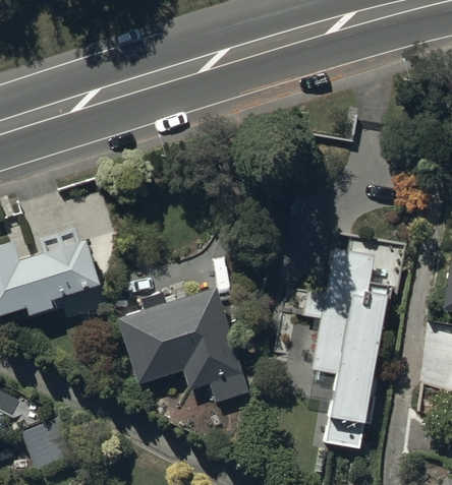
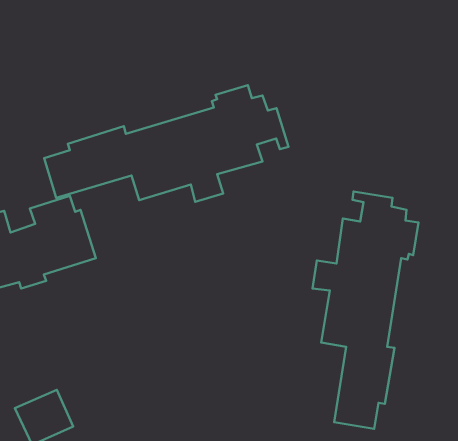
building: none -> [44,85,288,202]
building: [116,290,248,403] -> none

